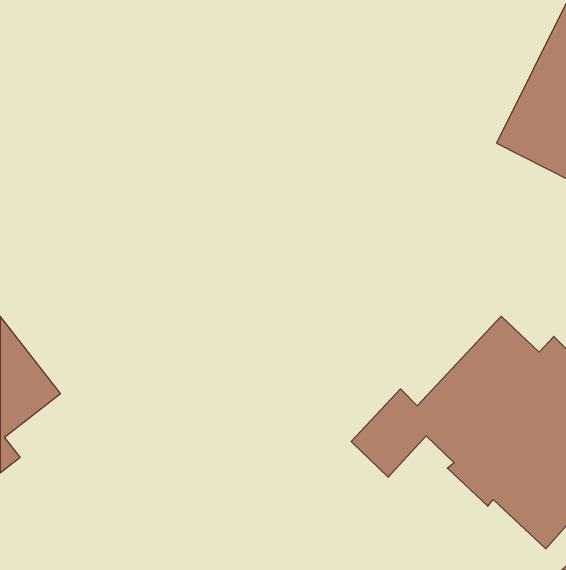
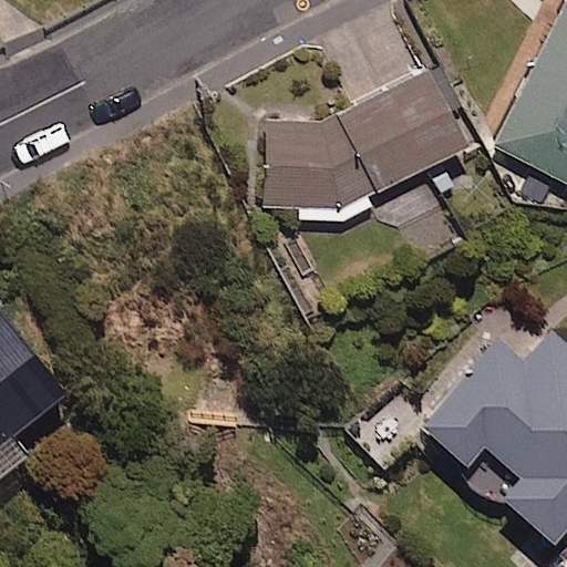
building: none -> [261,65,465,219]

